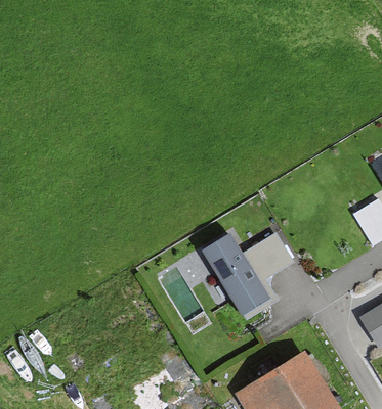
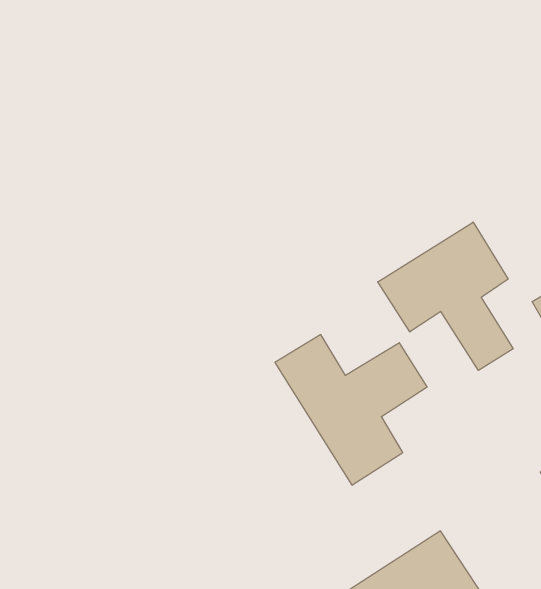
building: none -> [378,222,513,370]

